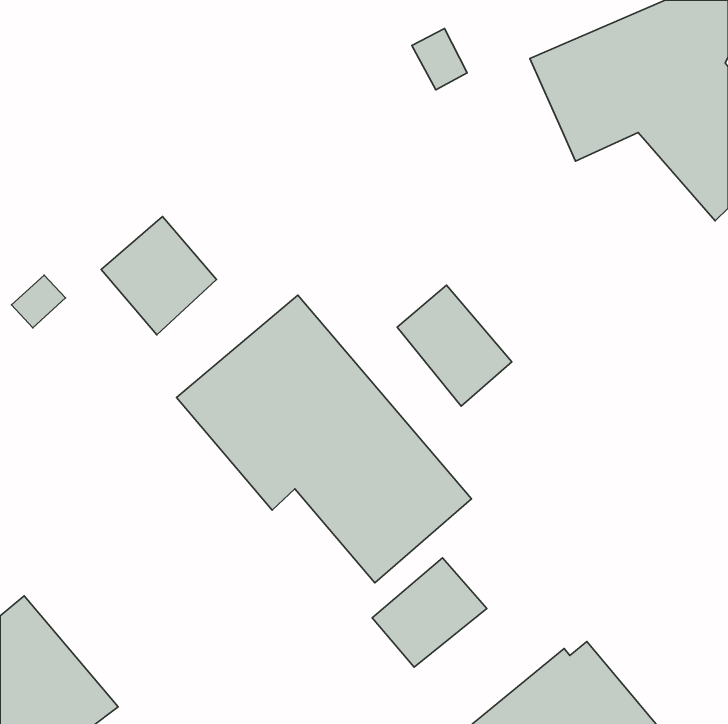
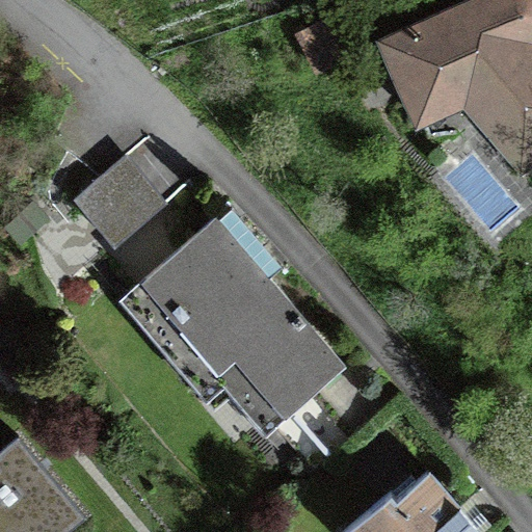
building: [397,285,512,406] -> none
building: [372,558,487,667] -> none

